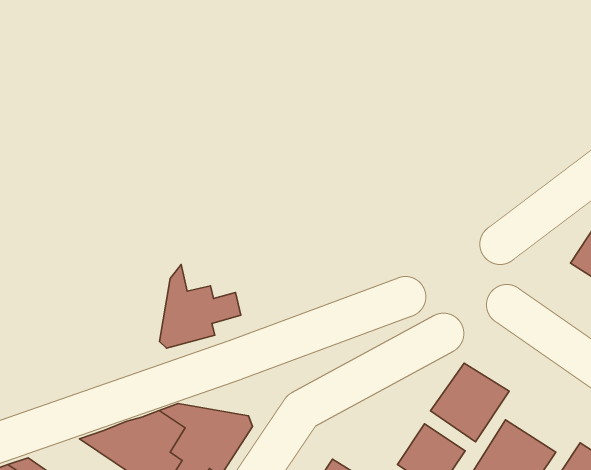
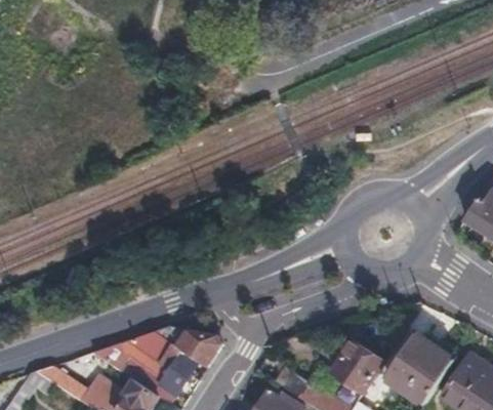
building: [159,264,241,348] -> none
building: [431,363,509,442] -> none

